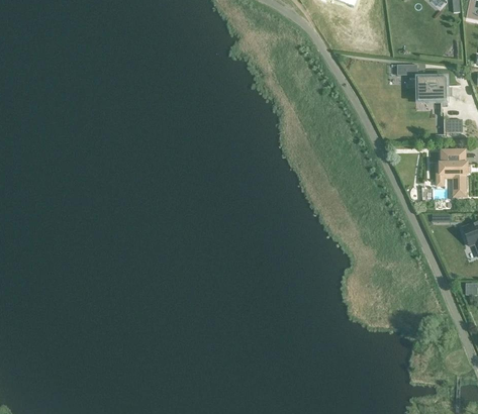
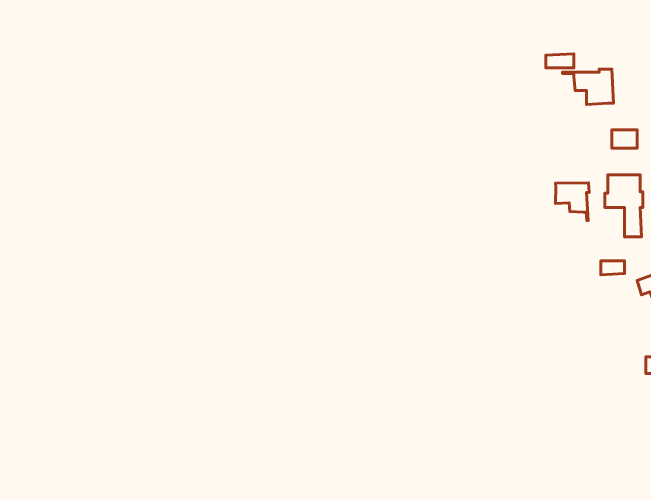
building: none -> [556,183,589,221]

